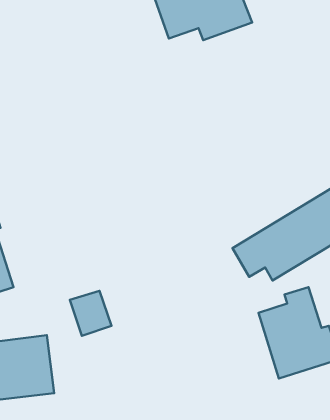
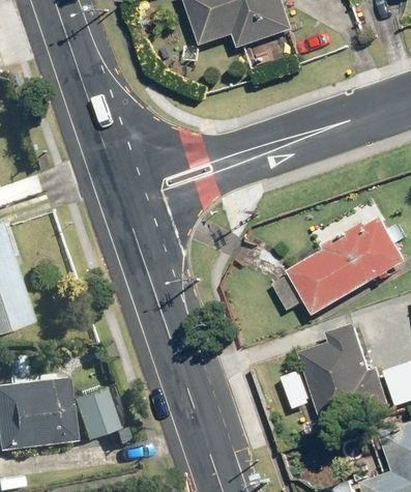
building: [70,291,111,336] -> [67,388,114,439]

